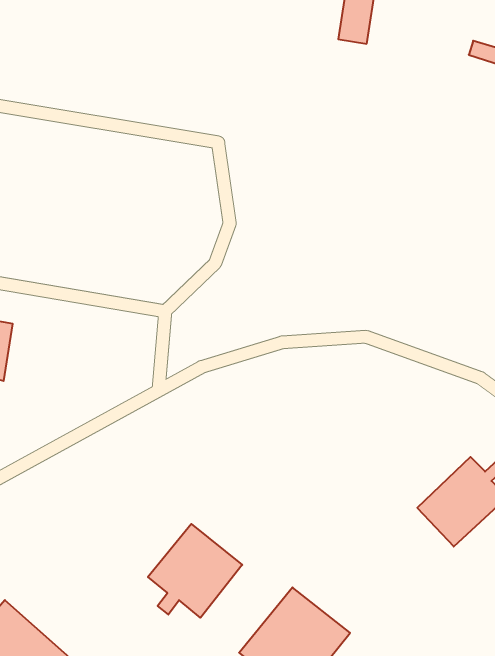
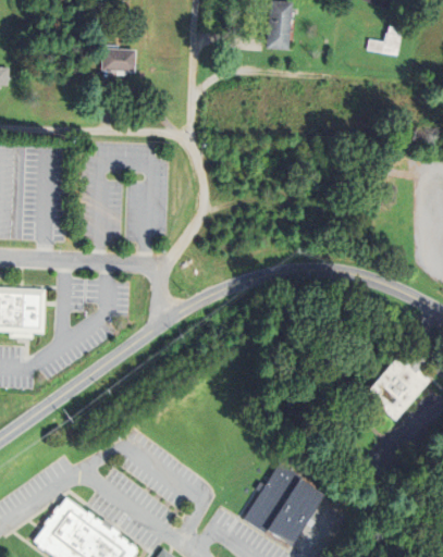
building: none -> [101,51,135,73]
building: [148,524,242,618] -> none

